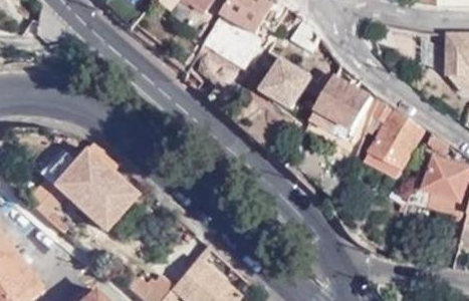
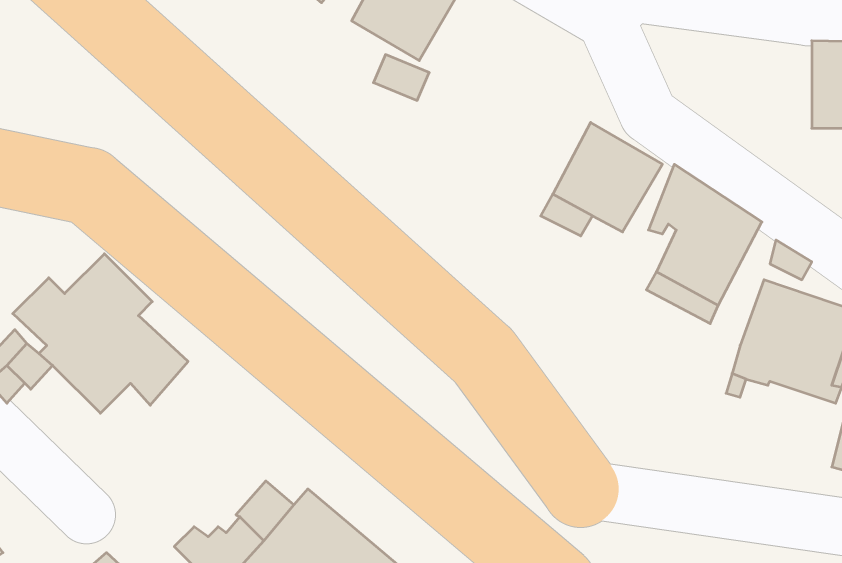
building: [257,57,313,114] -> none

